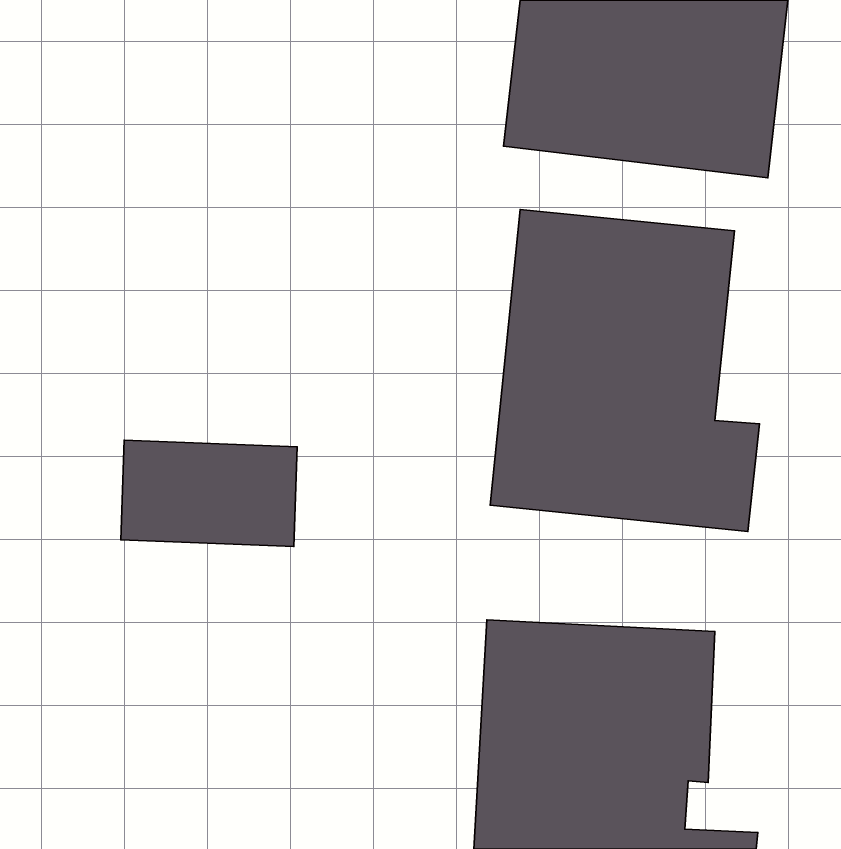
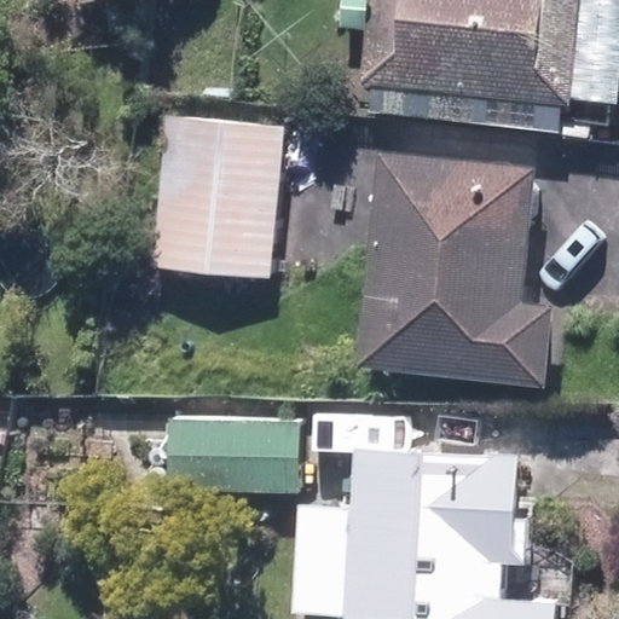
building: none -> [147,116,282,279]
building: [121,440,297,547] -> [168,418,296,496]

